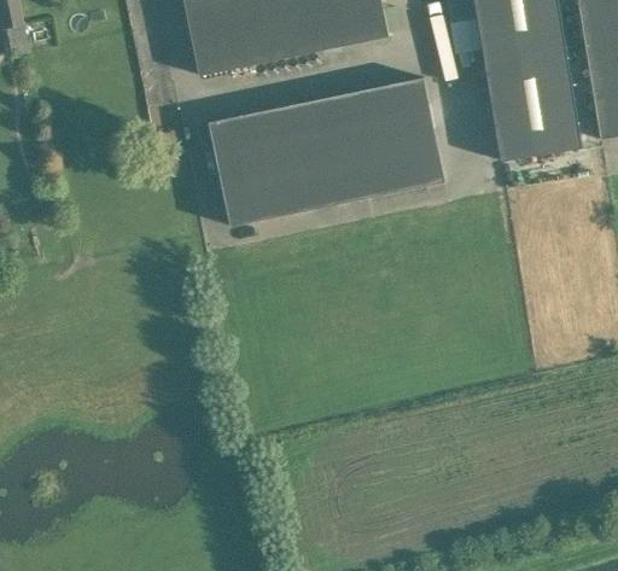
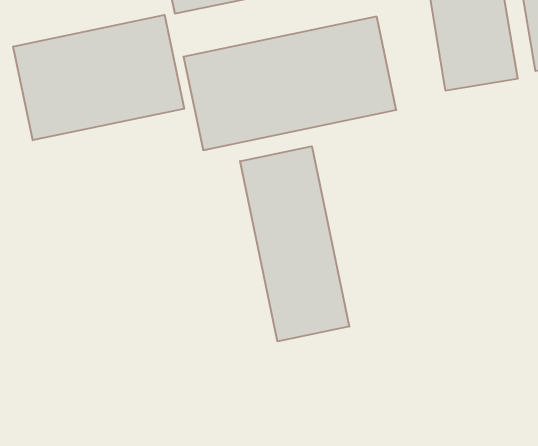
building: none -> [13,15,184,140]
building: none -> [240,146,349,341]

